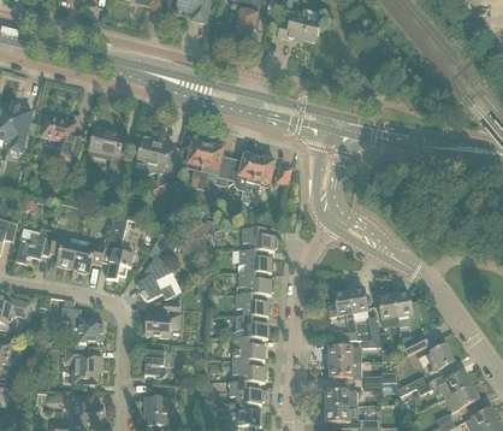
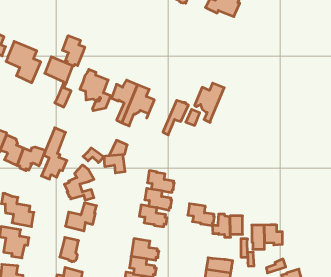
building: none -> [62,36,85,66]
building: [225,153,259,202] -> [195,83,224,122]
building: [242,228,276,250] -> none
building: [235,315,268,338] -> [188,204,214,226]

